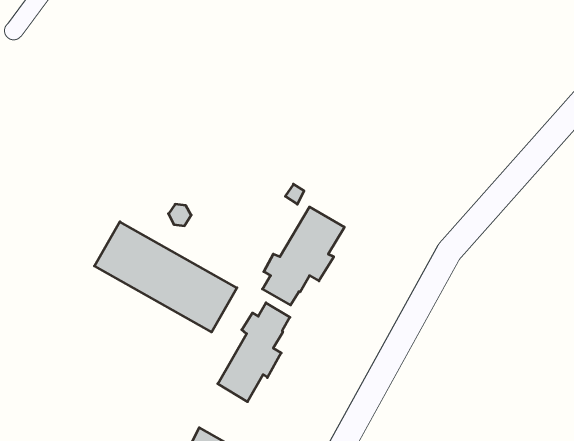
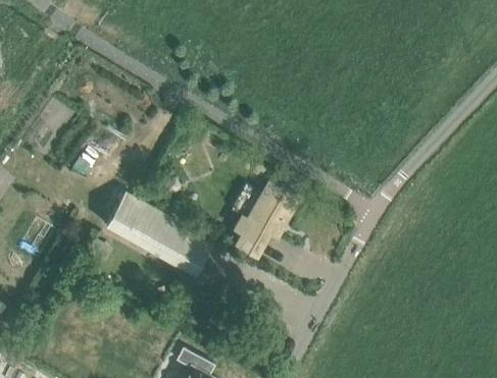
building: [218,303,290,402] -> none

